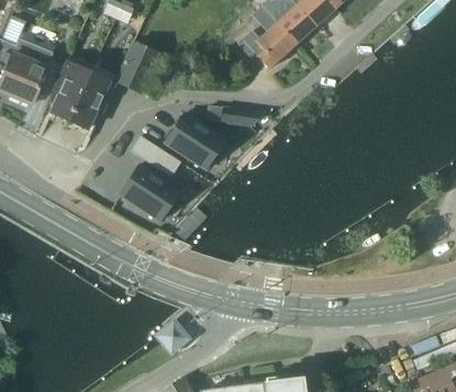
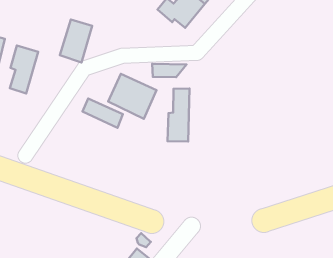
building: [69,74,114,130] -> none
building: none -> [168,89,189,141]
building: [119,165,179,221] -> none

